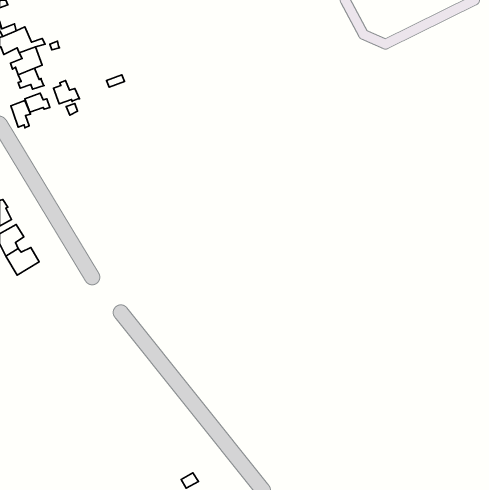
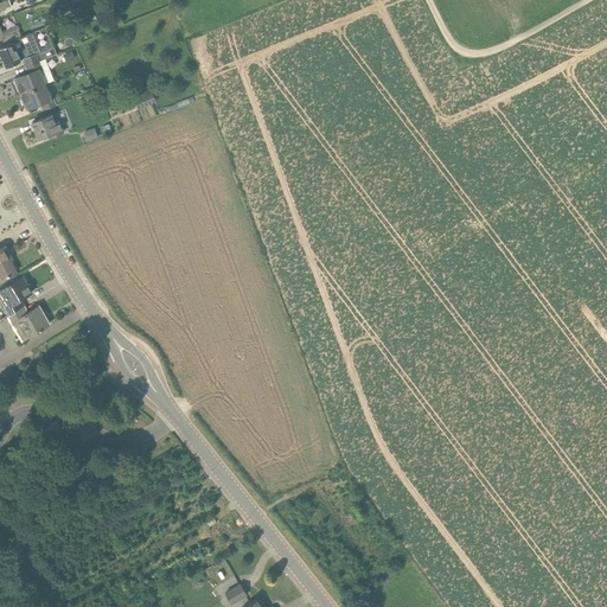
building: [54,80,79,104] -> none
building: [11,100,31,128] -> none

